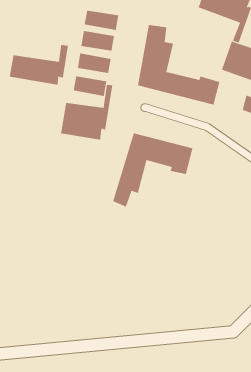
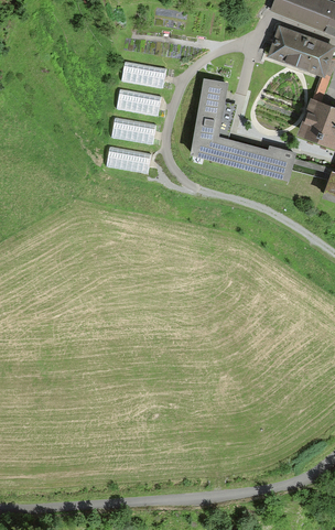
building: [9,44,68,85] -> none
building: [61,84,113,140] -> none
building: [112,133,193,208] -> none

